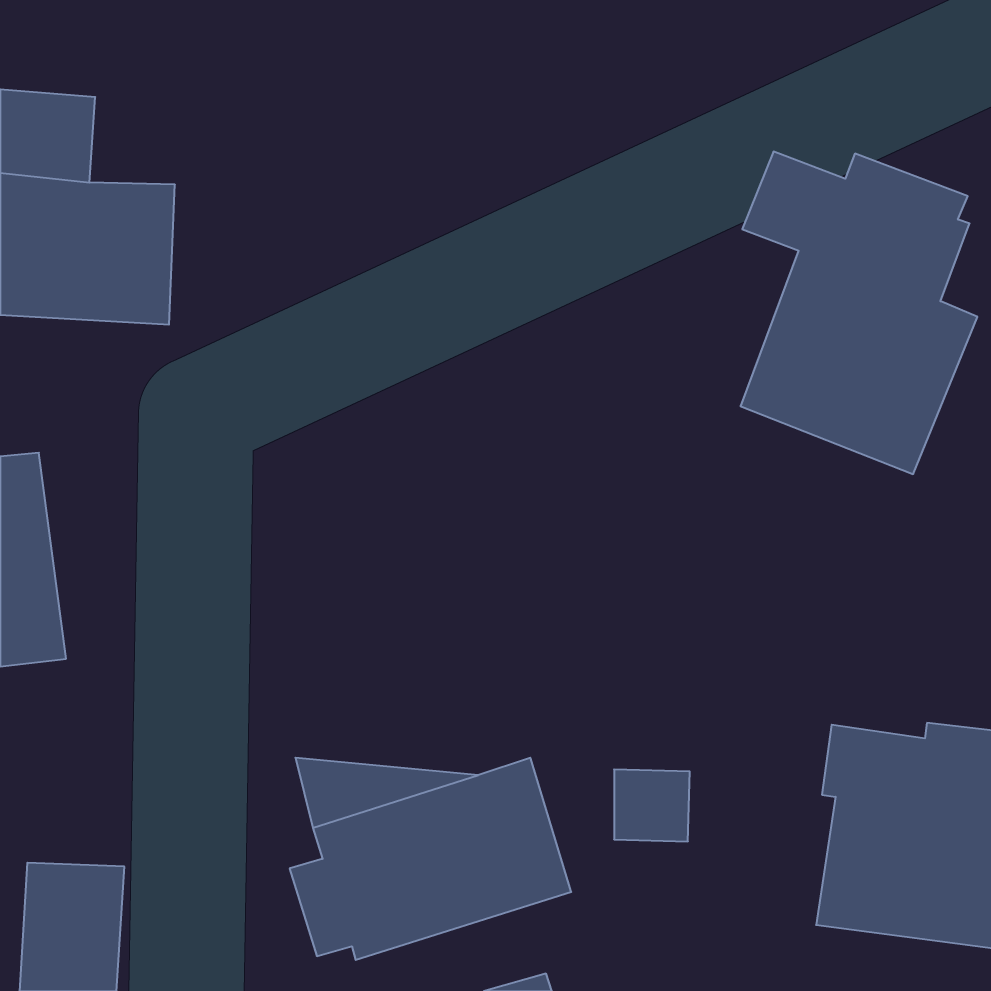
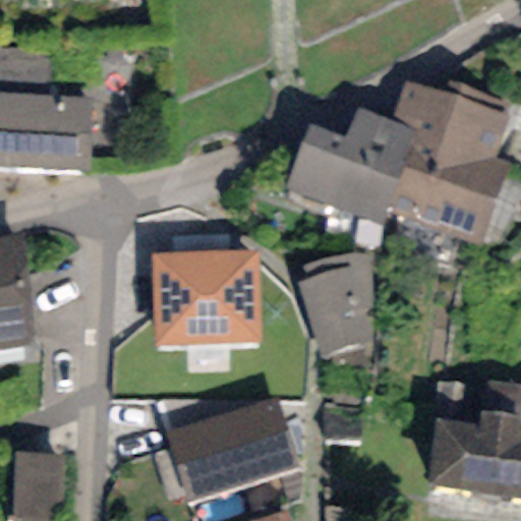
building: none -> [285,108,419,226]
building: none -> [152,249,263,345]
building: none -> [297,249,372,357]

